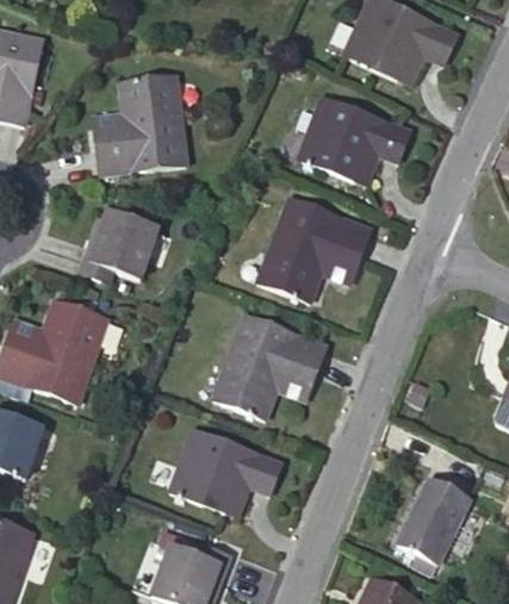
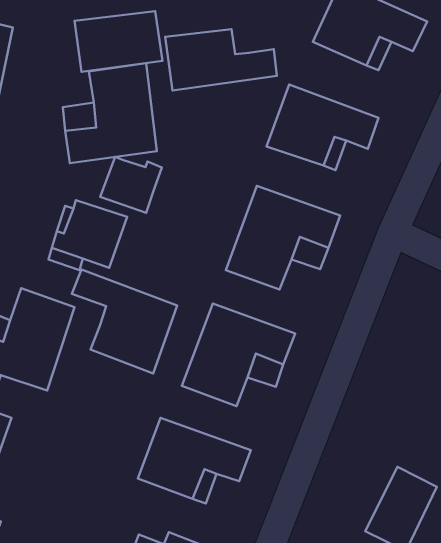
building: none -> [74,11,163,72]
building: none -> [165,29,277,91]
building: none -> [100,157,162,213]
building: none -> [72,269,177,373]

